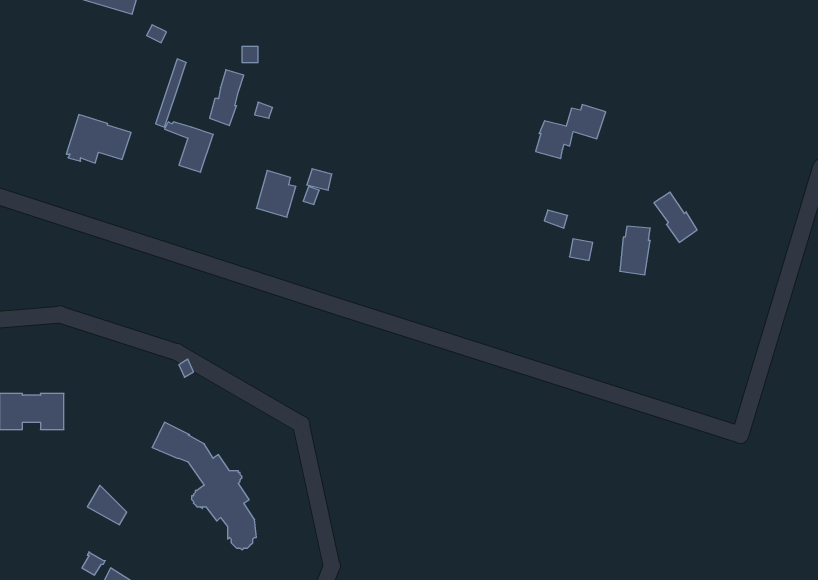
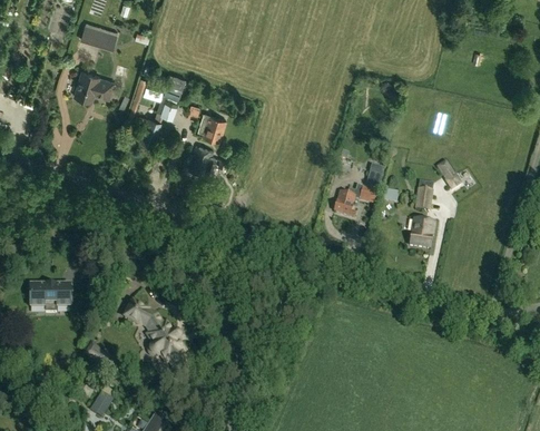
building: [536,105,606,159] -> [335,182,379,215]
building: [66,115,131,163] -> [75,71,115,101]
building: none -> [197,112,226,140]
building: none -> [410,218,435,248]

